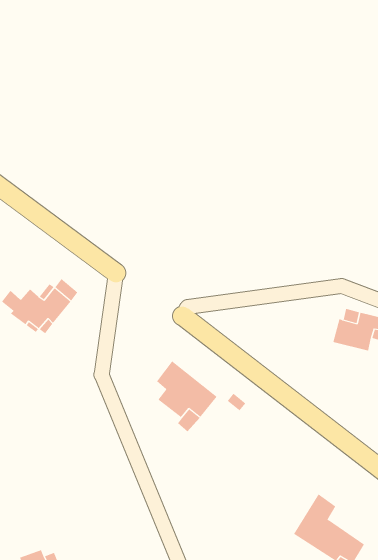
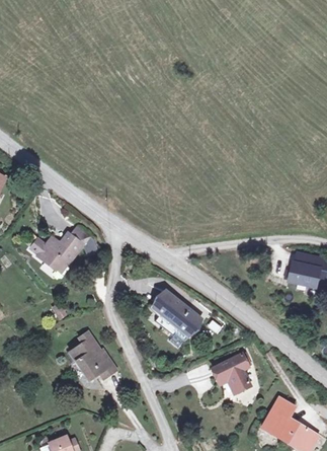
building: none -> [68,332,116,381]
building: none -> [212,354,249,393]

